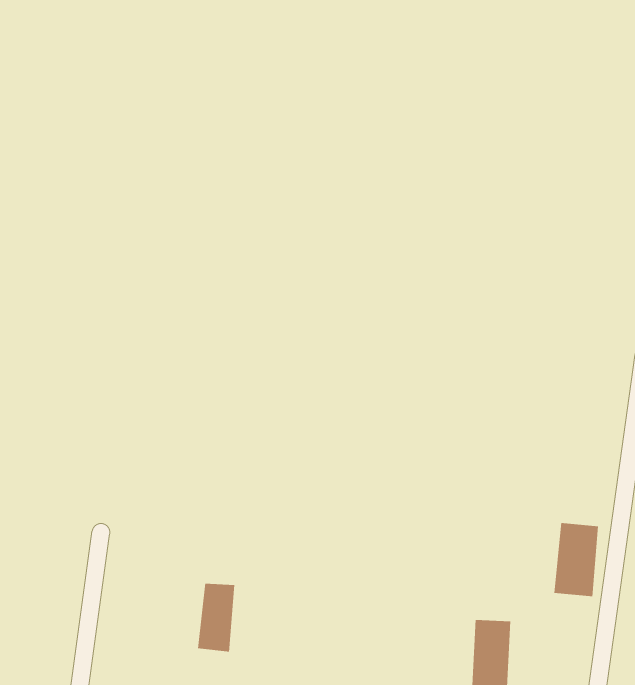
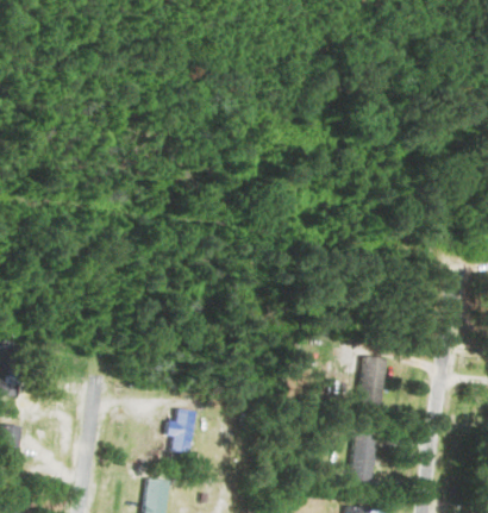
building: [553,522,599,597] -> [356,357,386,406]

